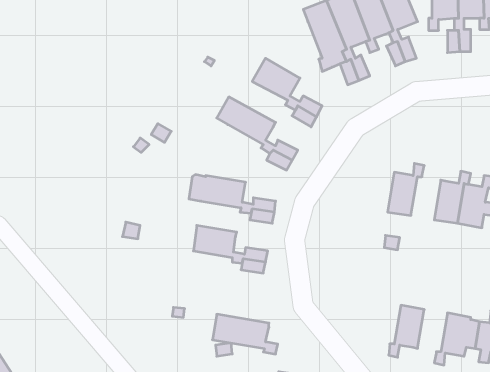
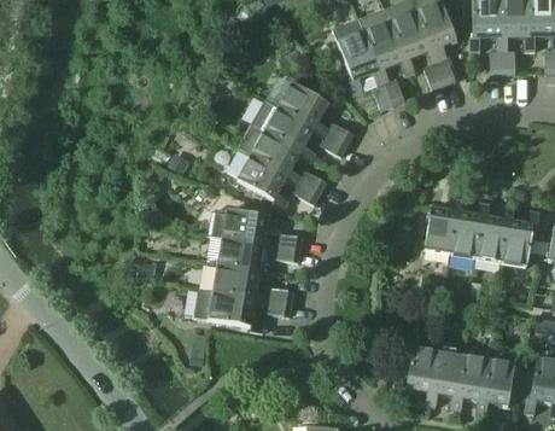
building: none -> [251,99,315,162]
building: none -> [228,147,288,209]
building: none -> [449,200,489,257]
building: none -> [216,237,273,278]
building: none -> [399,346,438,402]
building: none -> [449,355,489,410]
building: [212,314,278,354] -> [193,289,264,332]

